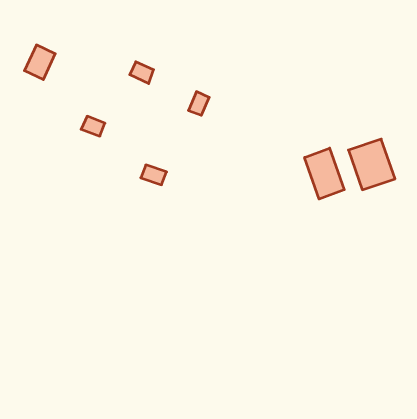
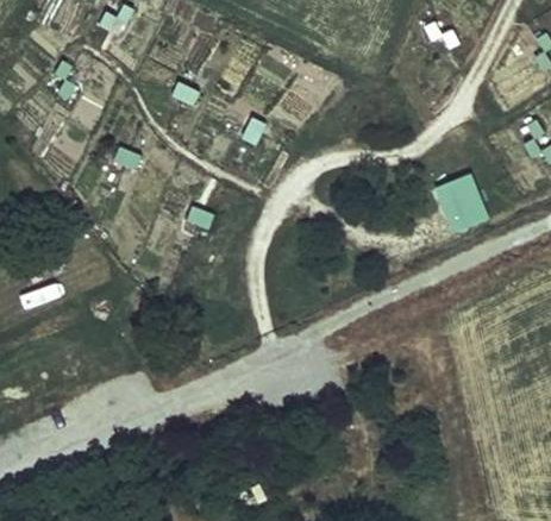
building: [305,148,344,199] -> none

